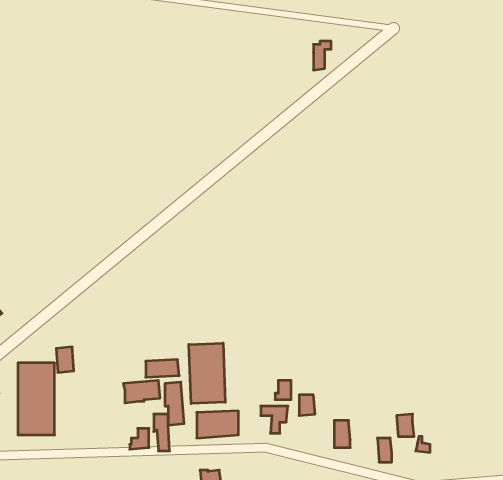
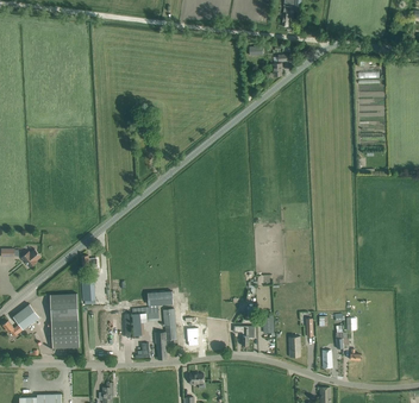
building: [189,343,225,404] -> none

